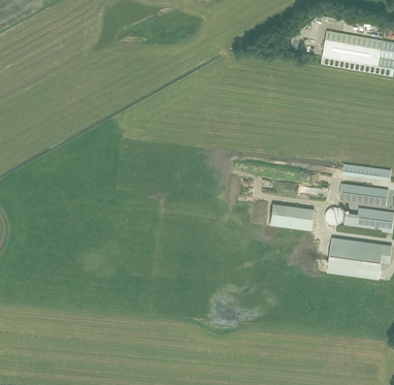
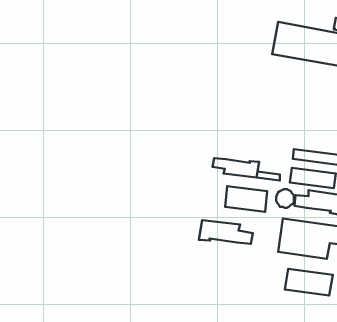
building: none -> [213,158,259,177]
building: none -> [199,220,253,244]
building: none -> [285,269,333,296]

